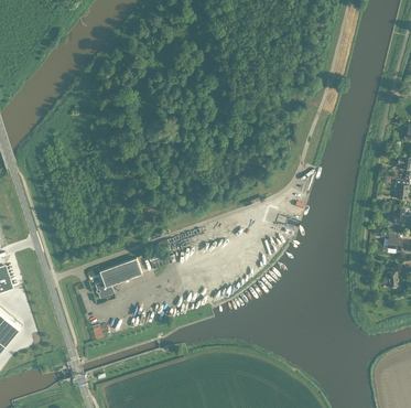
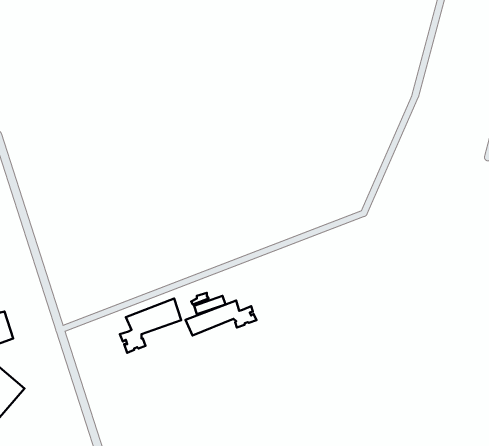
building: none -> [186,301,256,335]

